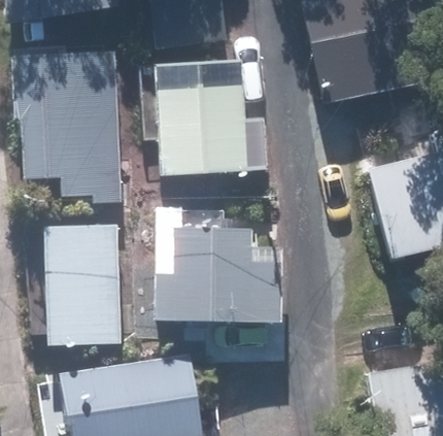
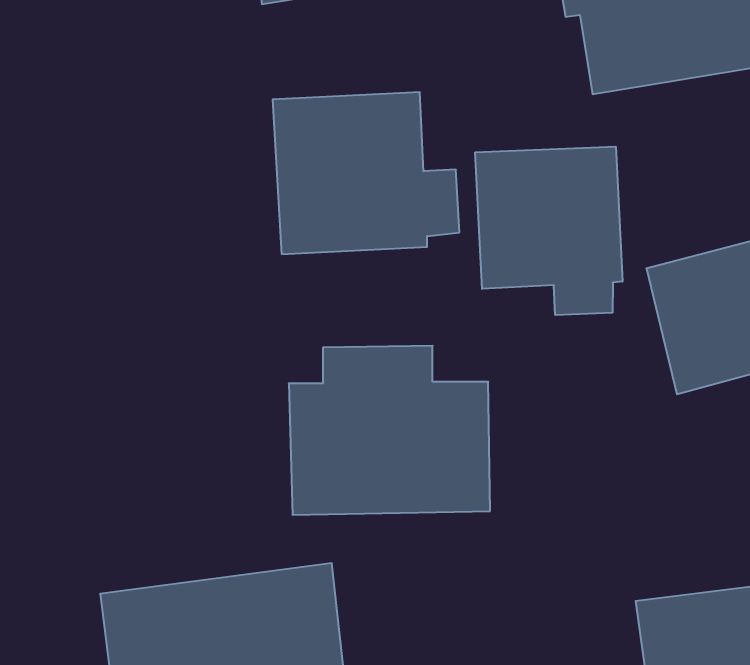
building: [13,56,113,202] -> none
building: none -> [475,147,622,315]
building: [45,225,118,345] -> none

